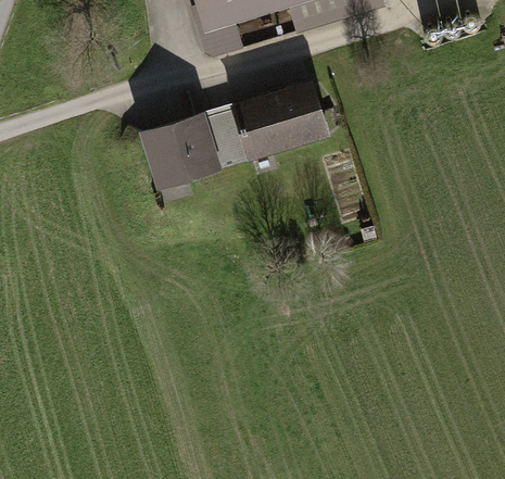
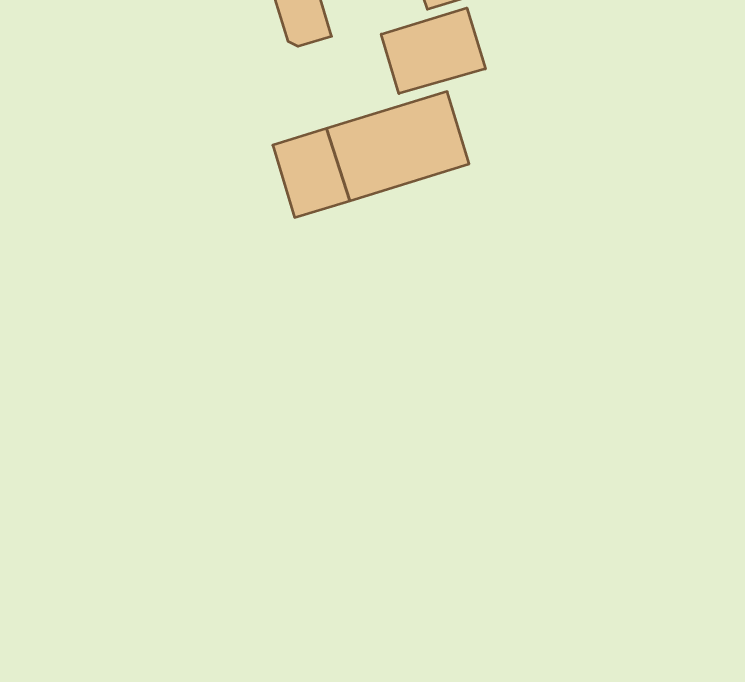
building: none -> [381,8,485,94]
building: [148,118,212,175] -> none

